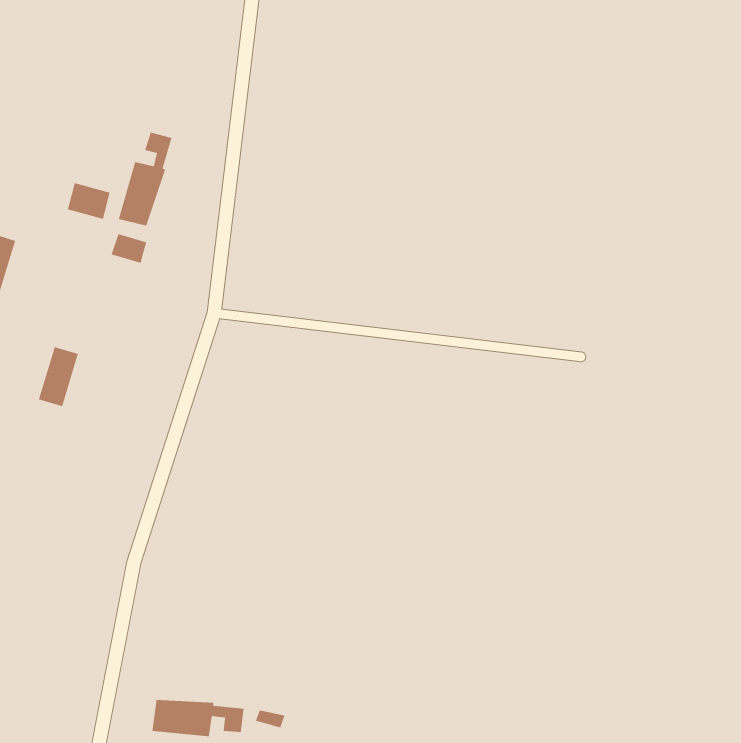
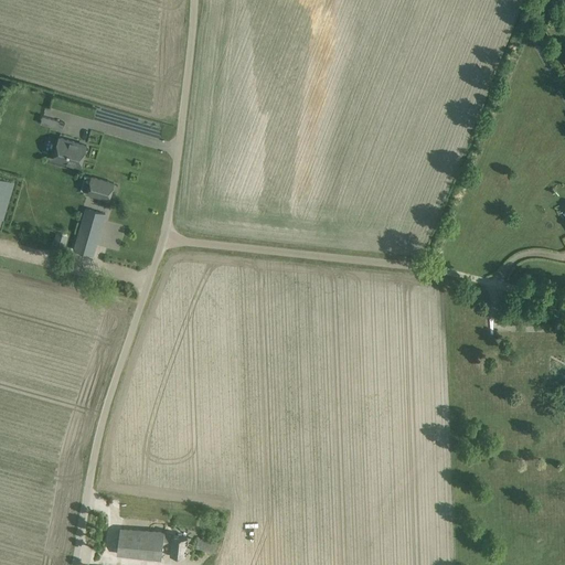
building: [118,132,172,226] -> none
building: [38,346,79,407] -> [72,210,103,256]

